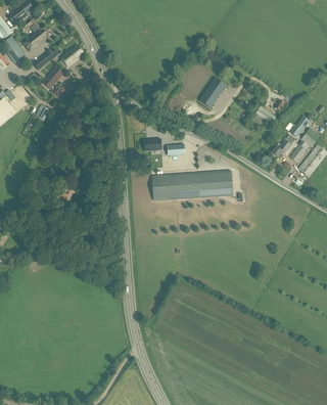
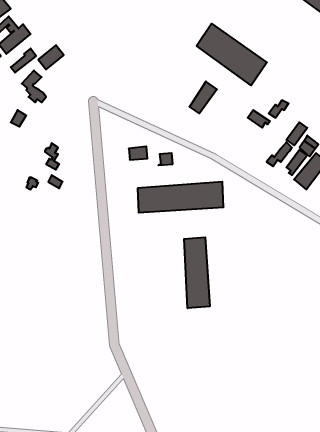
building: none -> [197,24,267,85]
building: none -> [184,237,210,308]

